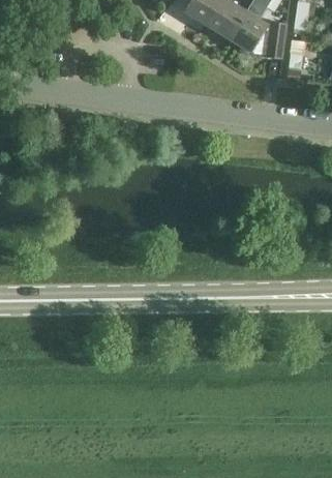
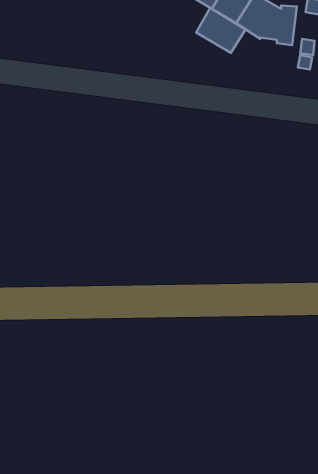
building: none -> [196,8,245,53]

